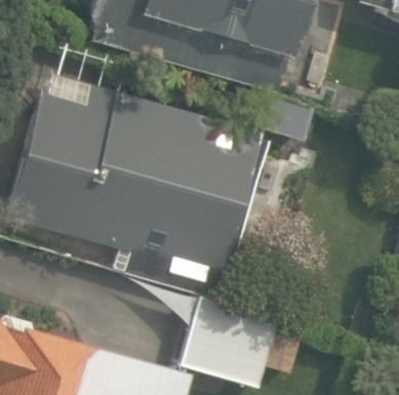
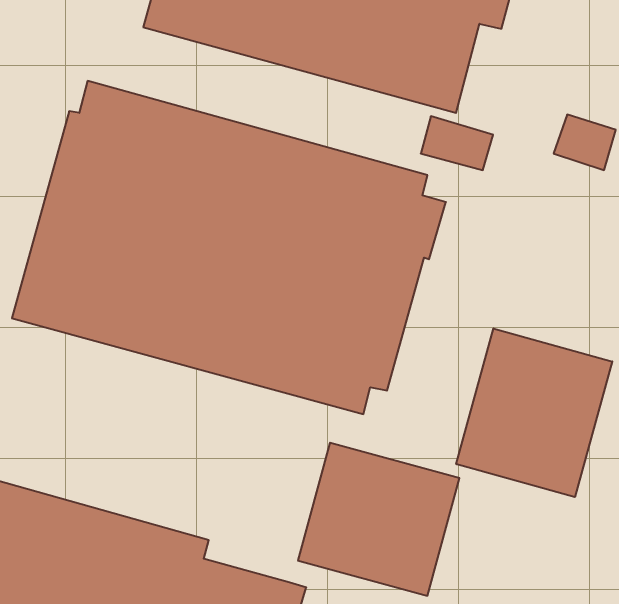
building: none -> [456,328,612,497]

